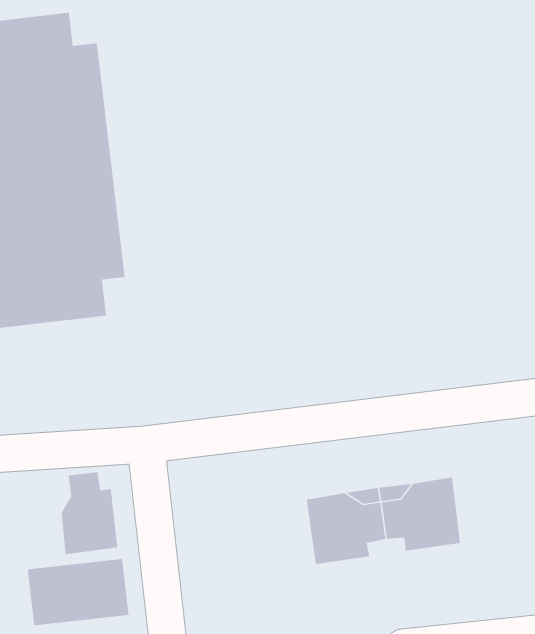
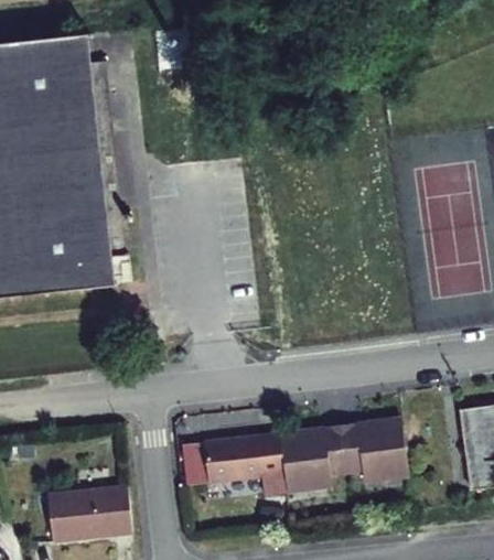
building: [61,472,118,555] -> none
building: none -> [186,438,272,495]

